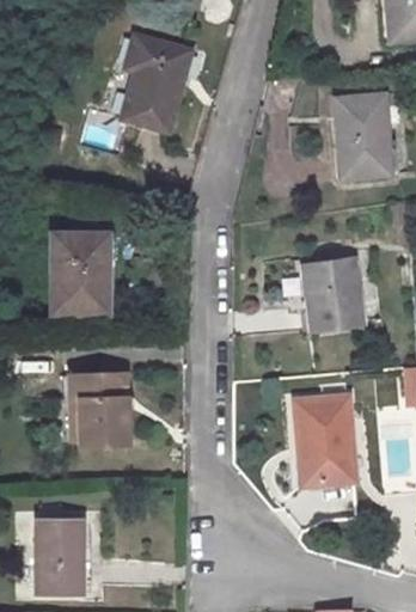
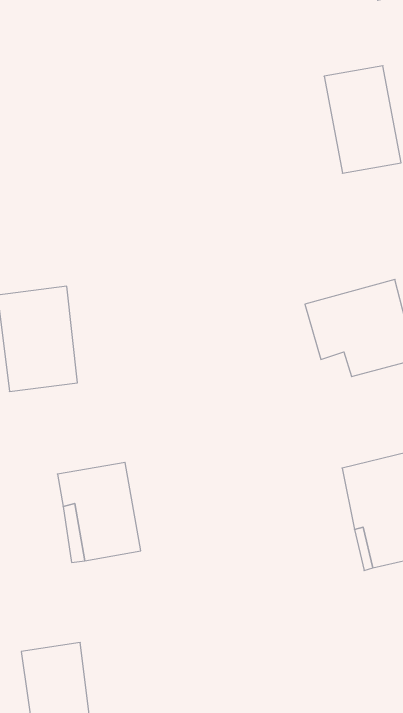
building: [126,47,186,135] -> none

